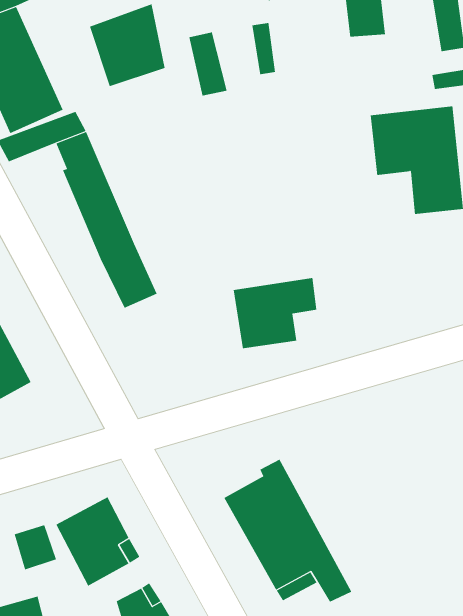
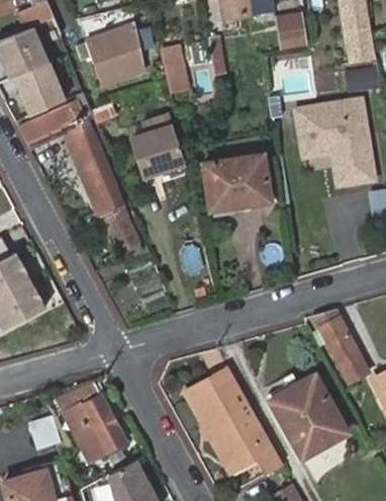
building: none -> [125,120,181,176]
building: [233,278,317,349] -> [202,155,266,208]
building: none -> [312,313,357,364]
building: none -> [274,378,348,456]

